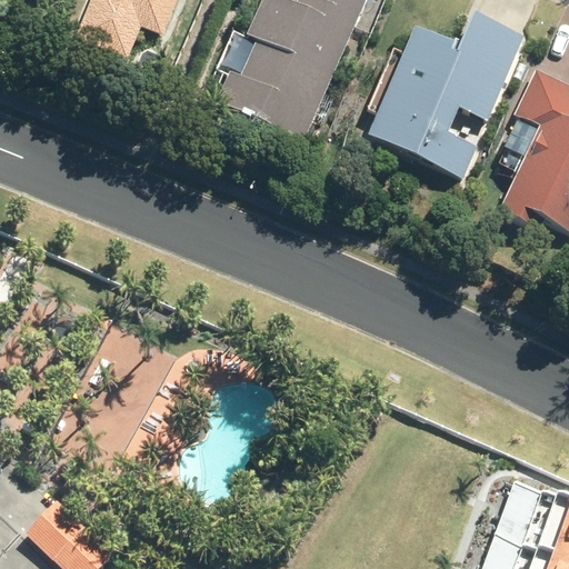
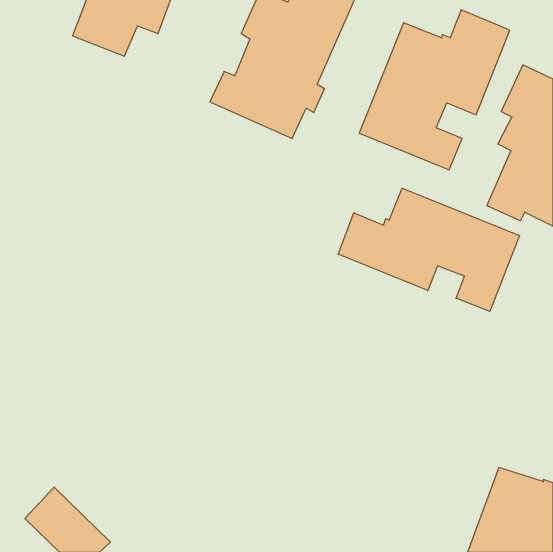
building: none -> [338,188,520,311]

